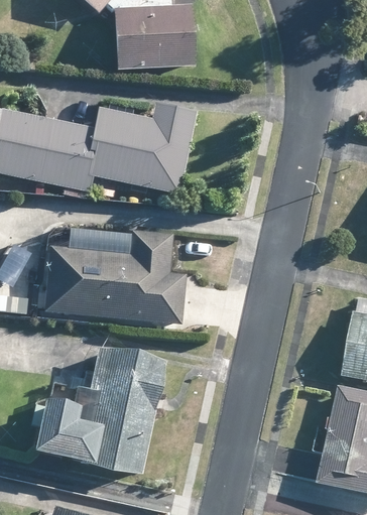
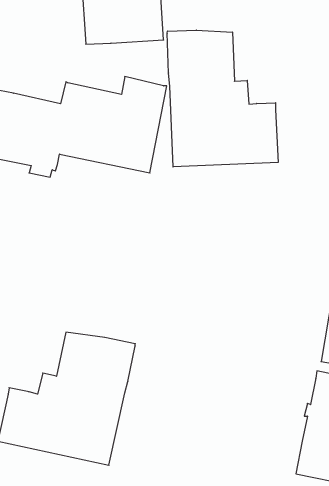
building: none -> [167,30,278,167]
building: [44,227,186,324] -> none

